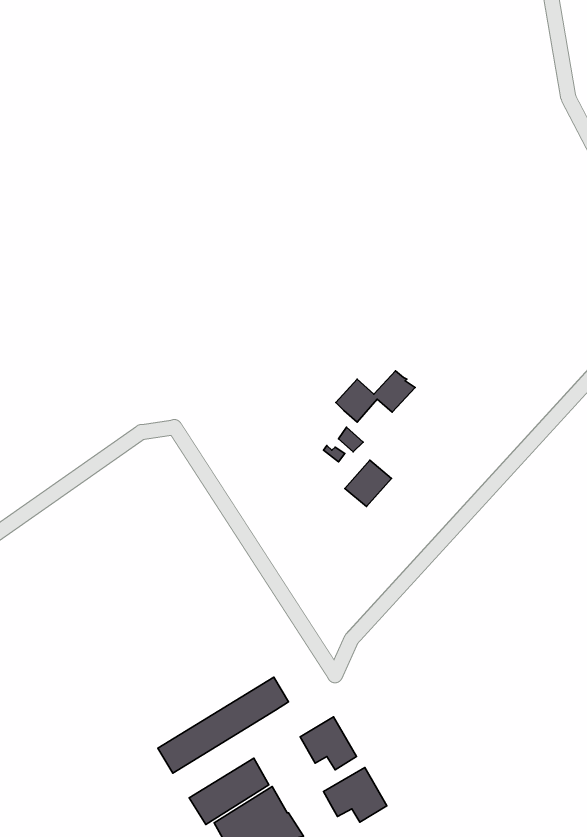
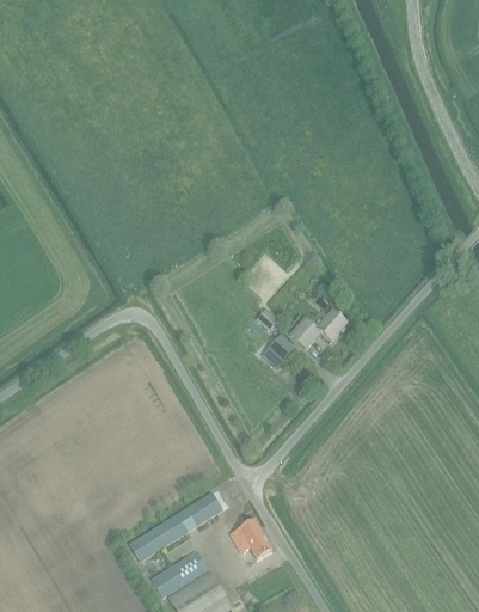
building: [336,371,415,422] -> [290,311,348,348]
building: [324,767,387,822] -> none

